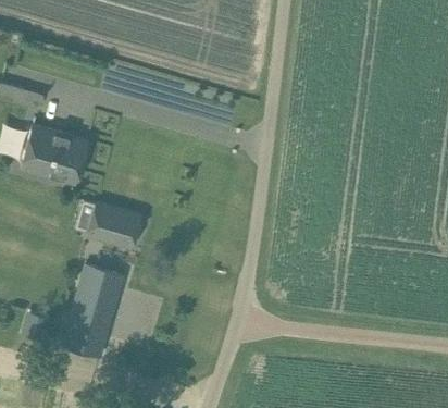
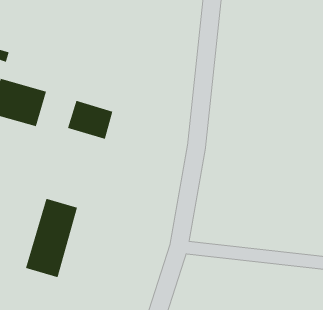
building: [86,202,139,248] -> [67,100,113,140]

